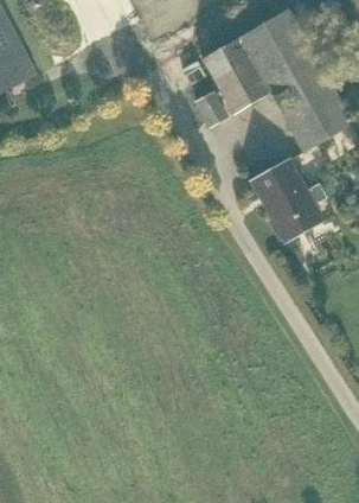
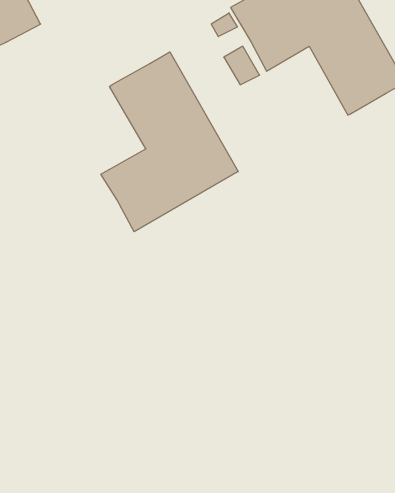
building: none -> [101,52,238,232]
building: [251,158,326,242] -> none

